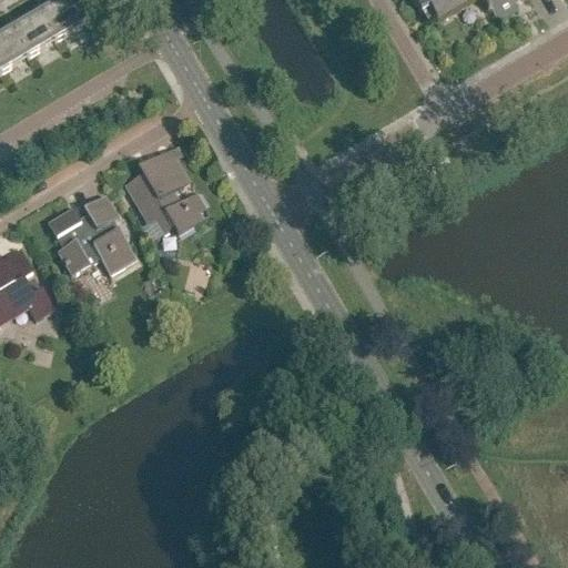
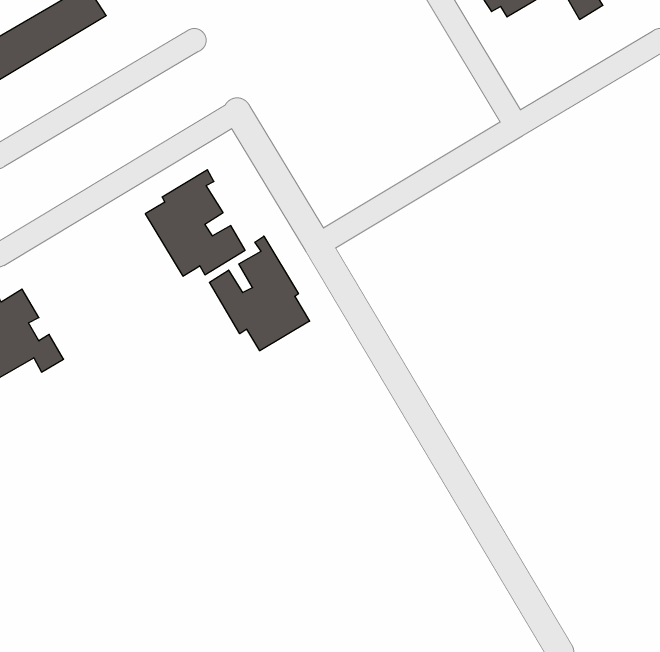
building: [48,195,135,274] -> none
building: none -> [209,236,310,351]

